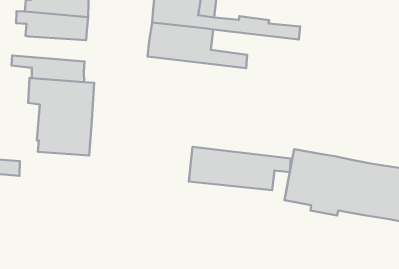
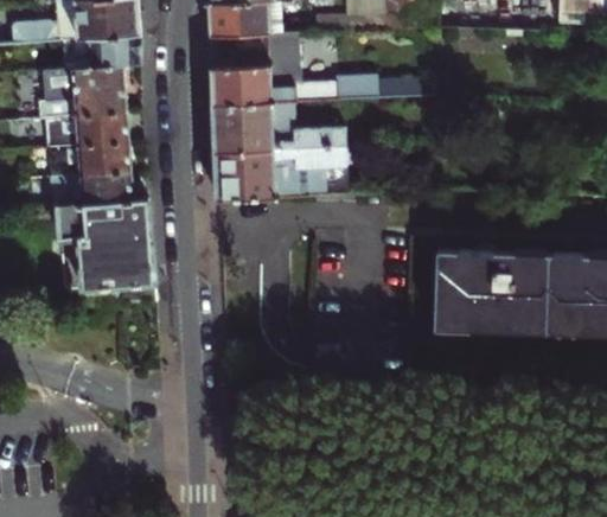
building: none -> [47,146,129,179]
building: [189,147,291,190] -> [215,151,353,204]

